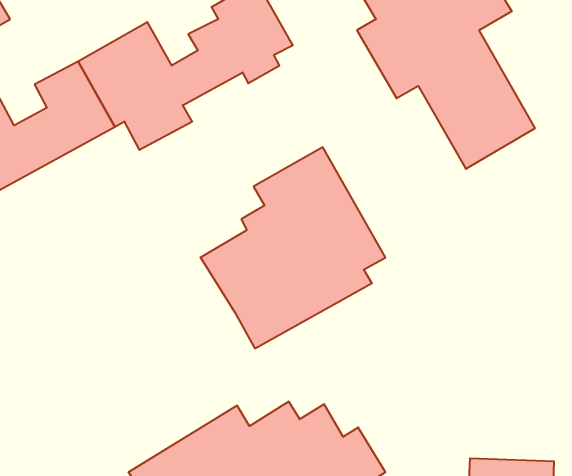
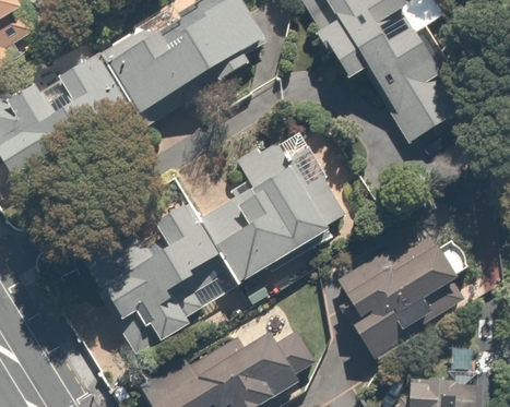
building: none -> [85,197,222,338]
building: none -> [335,235,470,357]

